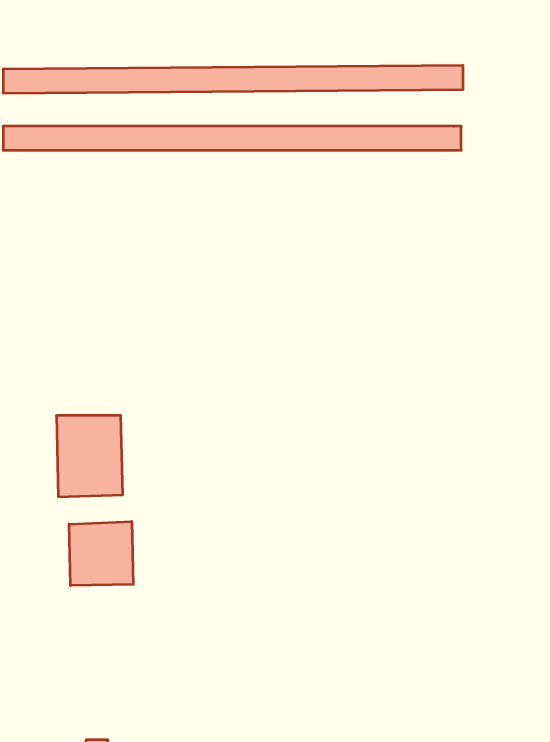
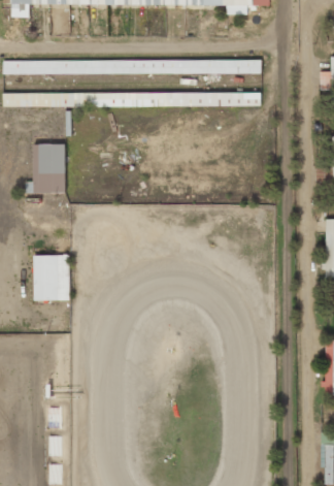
building: none -> [26,143,66,193]
building: [69,521,133,586] -> none

